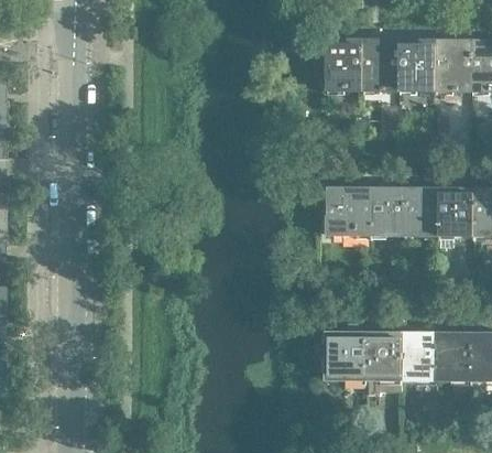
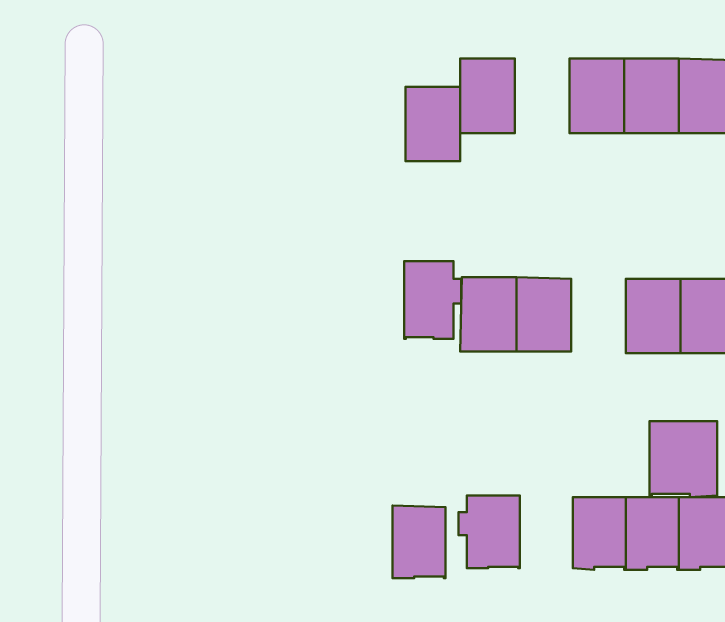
building: [349,41,385,90] -> [405,87,460,161]
building: none -> [404,261,461,339]
building: [386,187,423,237] -> none
building: none -> [650,421,717,497]
building: [352,332,387,380] -> [393,505,446,578]

